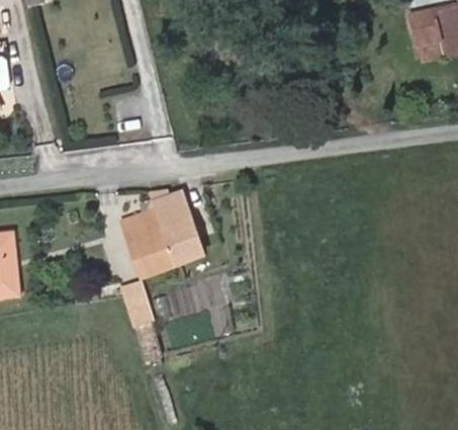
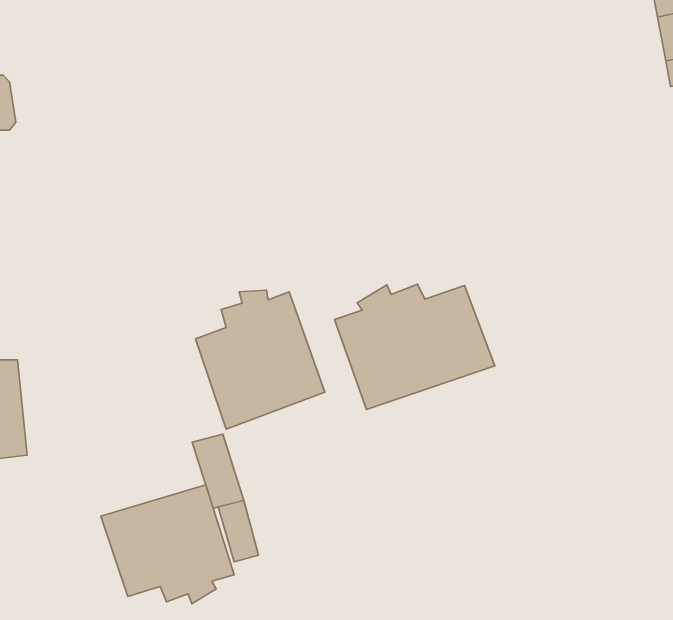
building: none -> [335,284,495,409]
building: none -> [101,485,234,604]

